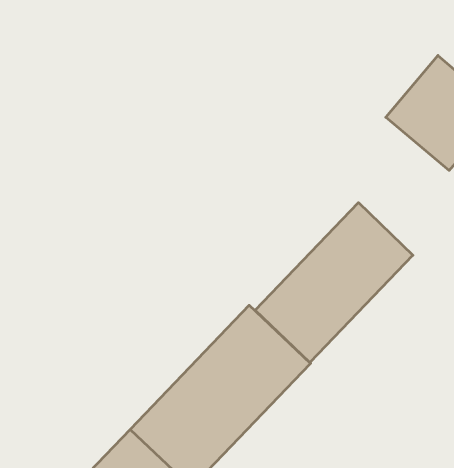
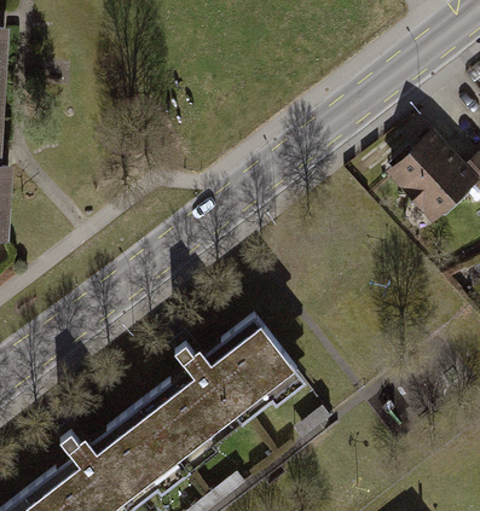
building: [255,203,413,363] -> none

